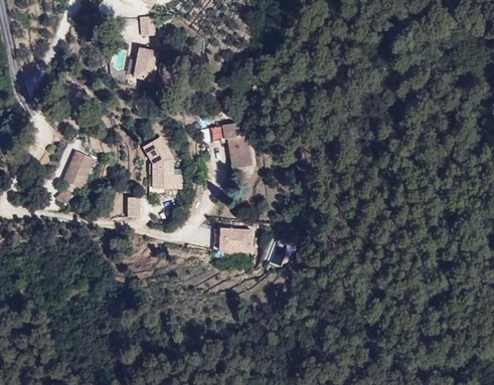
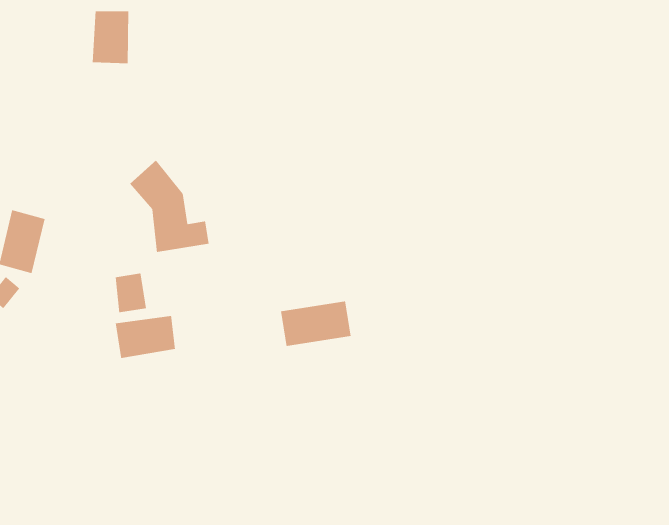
building: [210,123,252,169] -> none
building: none -> [115,315,175,359]

